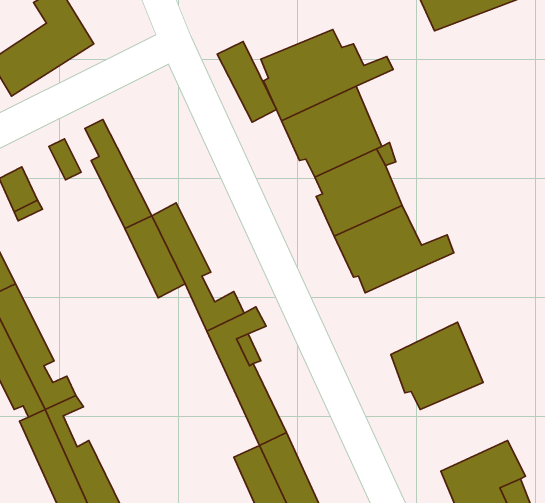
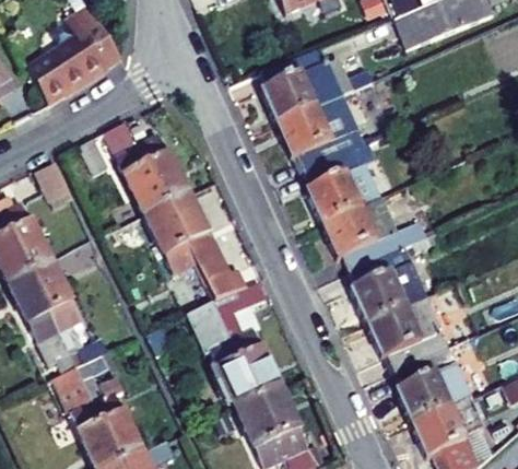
building: [217,41,276,122] -> [138,137,188,206]
building: none -> [349,246,427,324]
building: none -> [187,304,259,411]
building: none -> [396,348,470,423]

